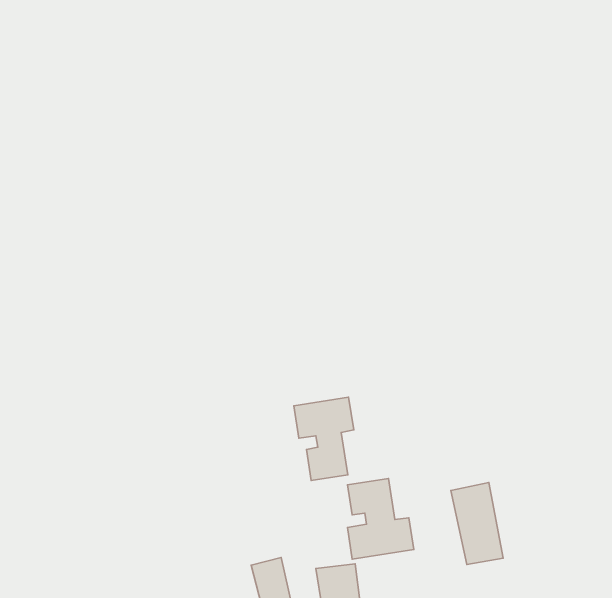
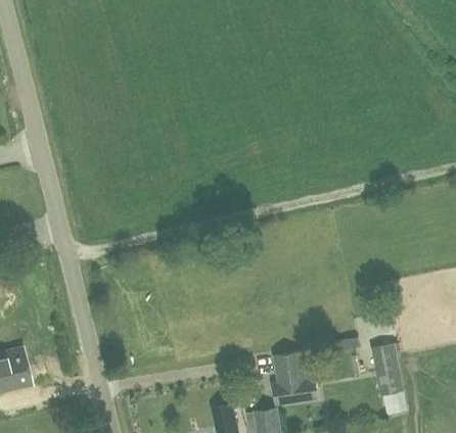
building: [294,397,354,480] -> none
building: [451,483,503,565] -> [370,344,404,397]

